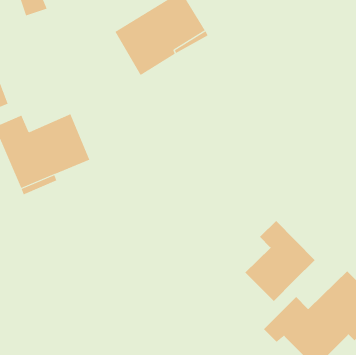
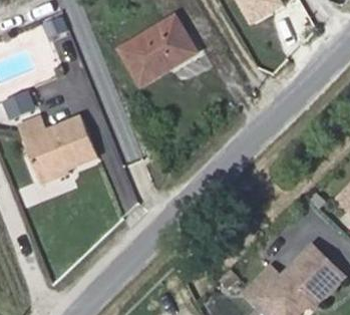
building: [244,220,316,302] -> none

